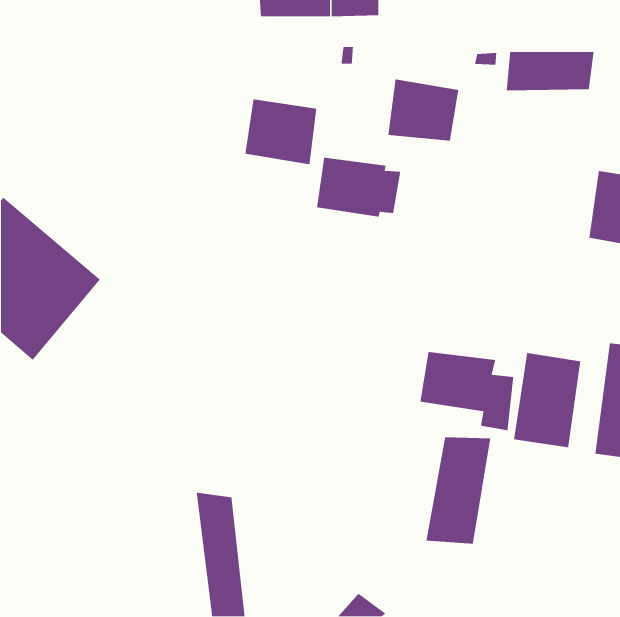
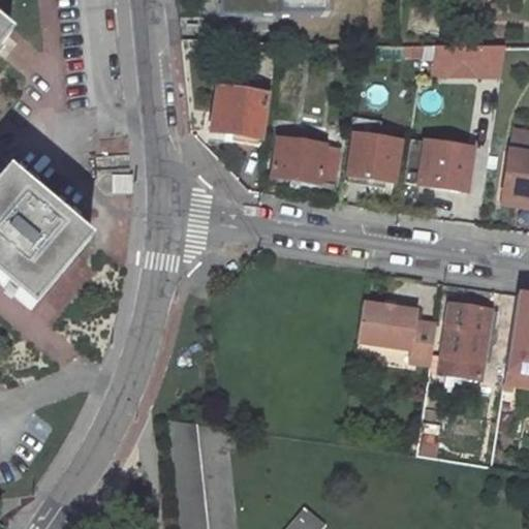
building: [387,78,459,142] -> [345,129,406,183]
building: none -> [416,136,477,193]
building: [426,436,491,545] -> none

